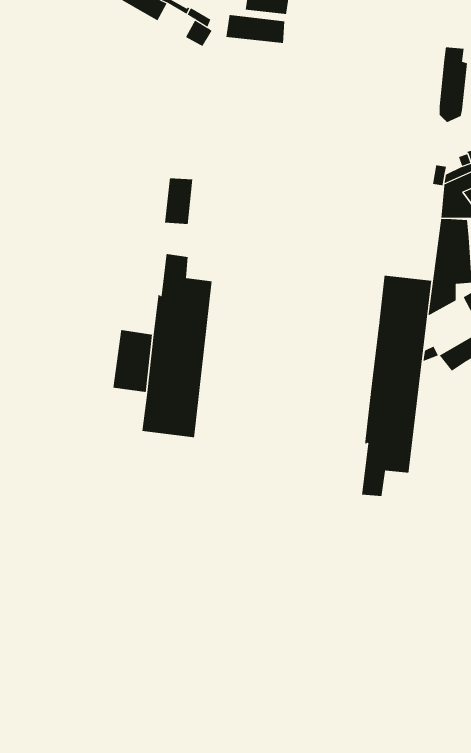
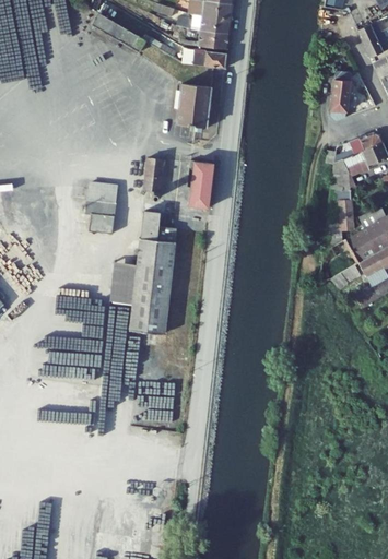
building: none -> [177,84,211,130]
building: none -> [189,160,214,207]
building: none -> [77,181,118,233]
building: [362,275,432,497] -> none

